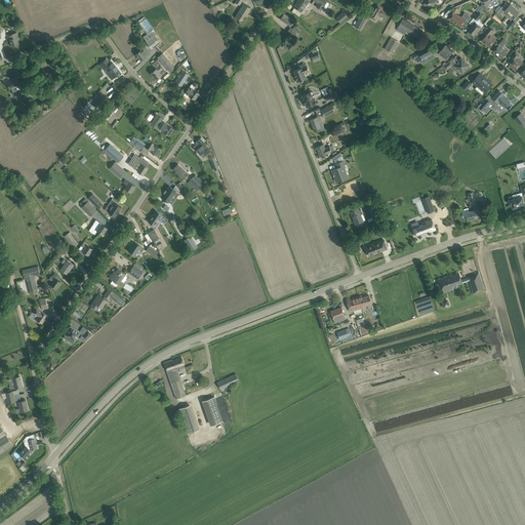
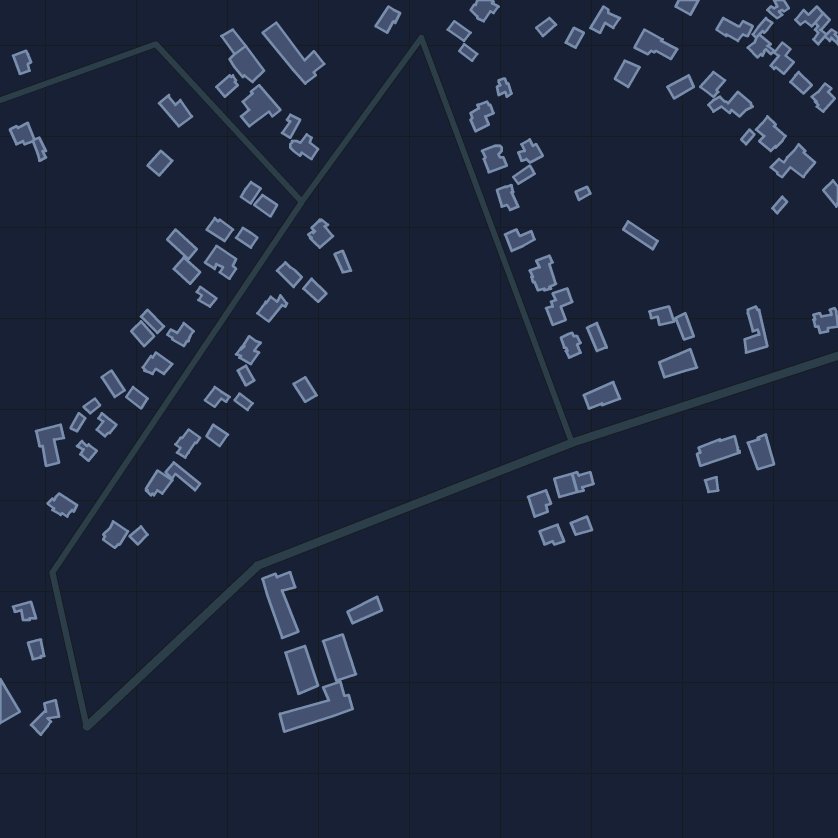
building: none -> [263,23,324,84]
building: none -> [280,682,353,732]

